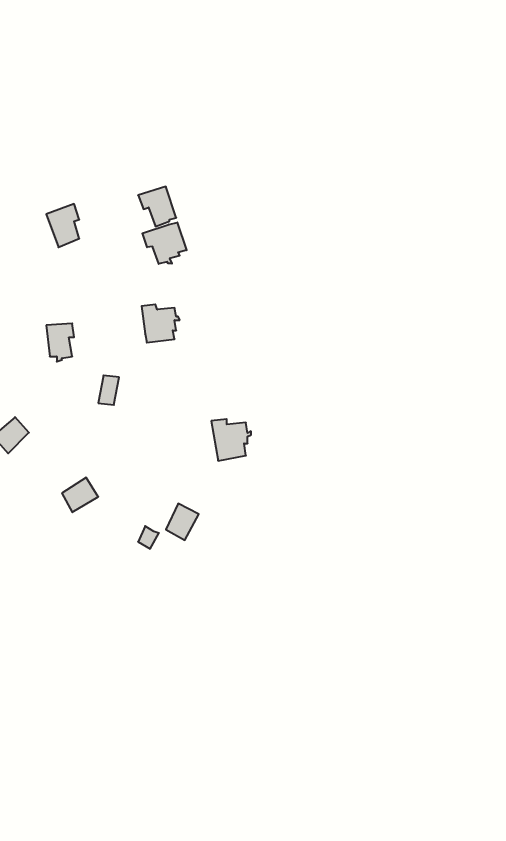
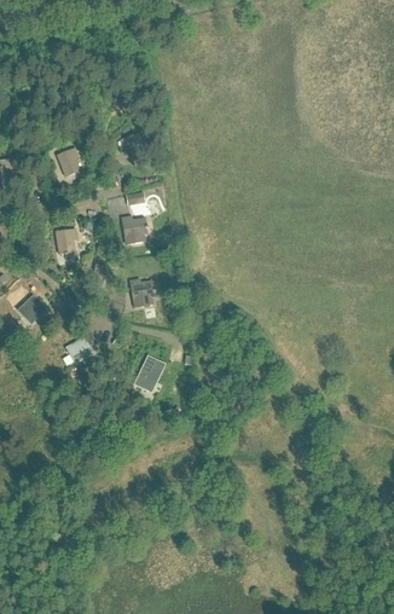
building: [142,222,187,264] -> none
building: [211,419,251,461] -> [128,279,156,308]

